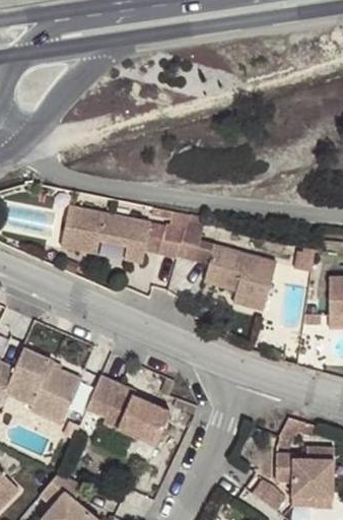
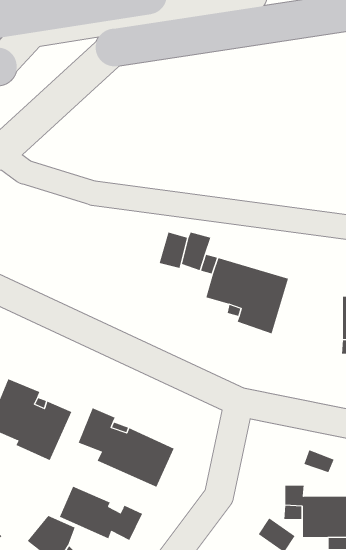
building: [61,202,154,263] -> none
building: none -> [59,486,143,541]

